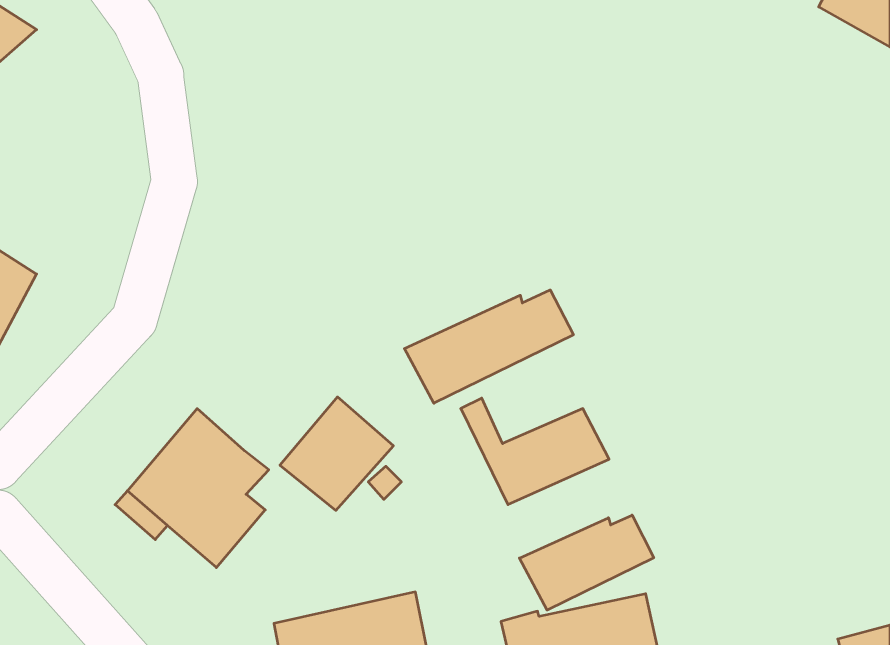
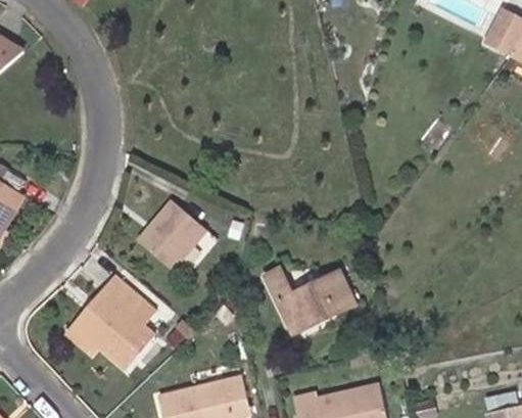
building: [404,290,573,403] -> none
building: [280,397,393,510] -> [139,199,205,266]
building: [519,515,654,610] -> none

